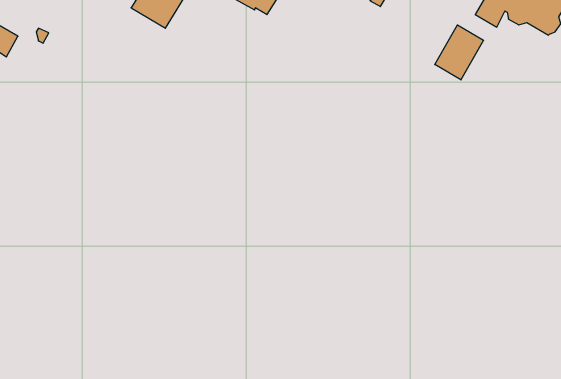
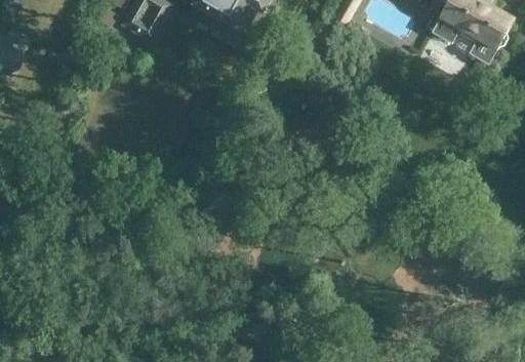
building: [435,25,484,80] -> none

